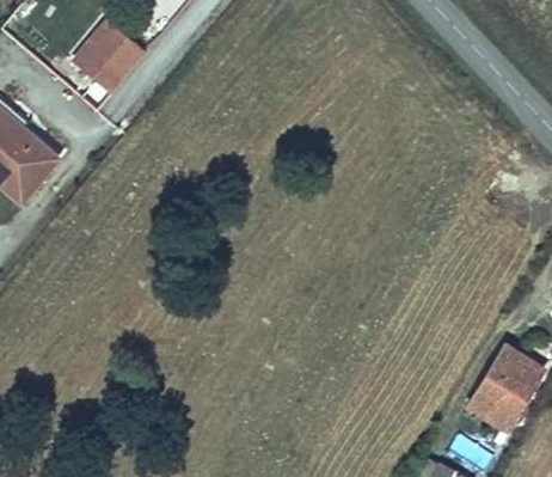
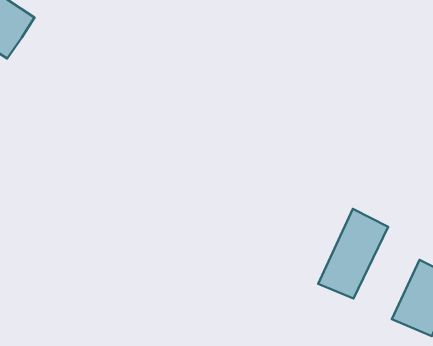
building: none -> [318,209,388,299]

